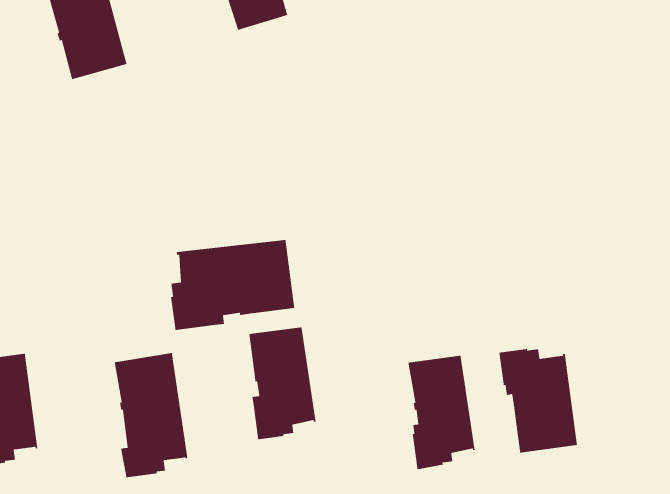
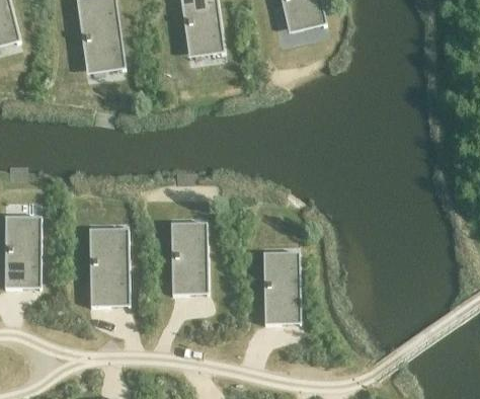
building: [170,239,295,331] -> none
building: [499,348,578,453] -> none

